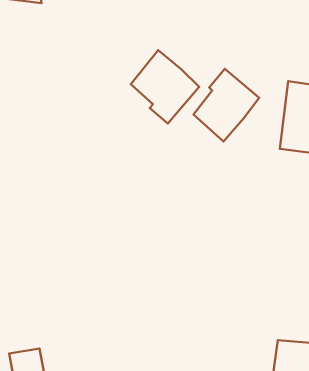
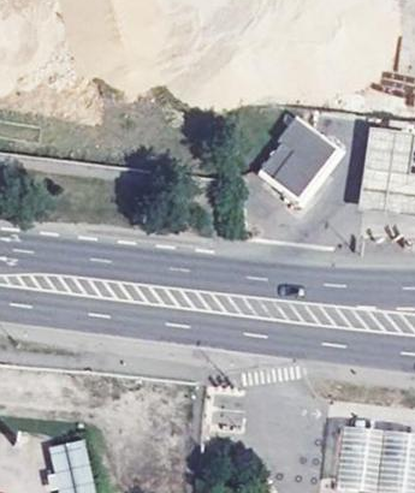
building: [131,50,199,124] -> none

